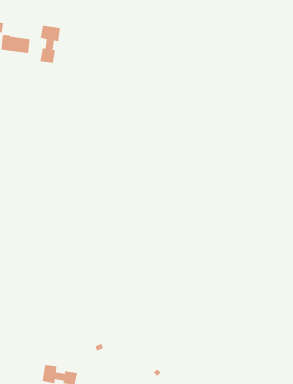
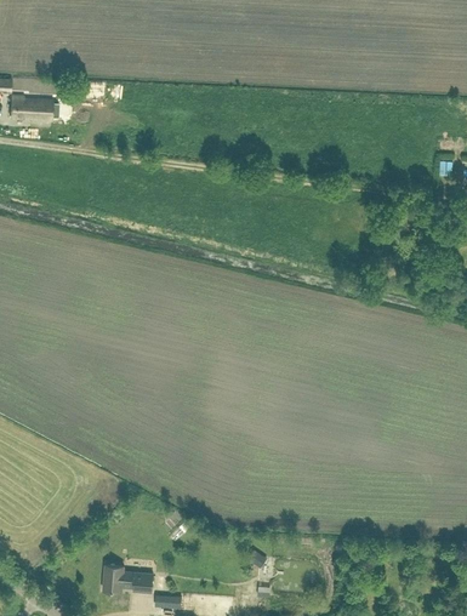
building: [40,25,60,64] -> none

